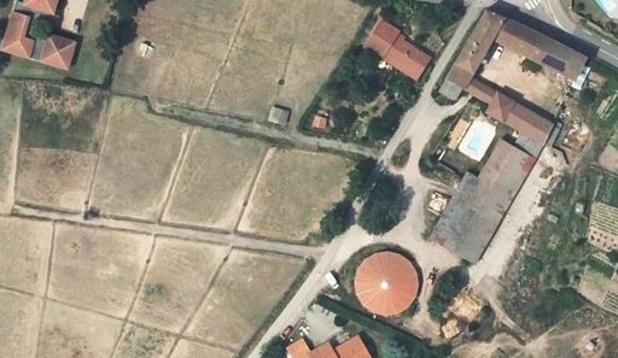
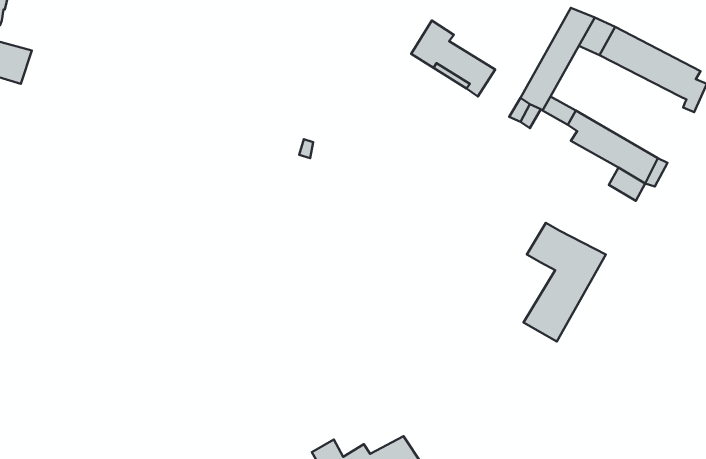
building: [466,140,534,198] -> none
building: [428,198,473,250] -> none
building: [355,252,418,315] -> none

